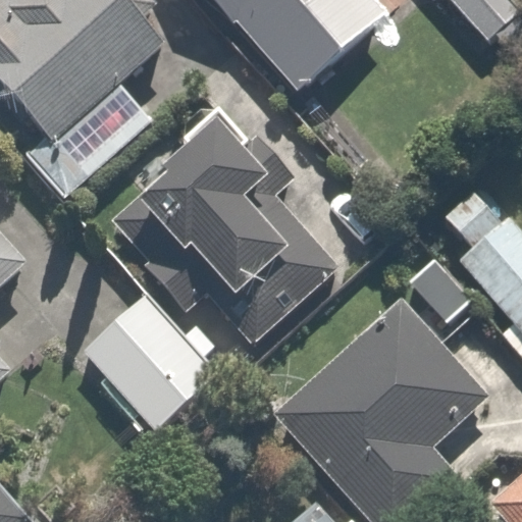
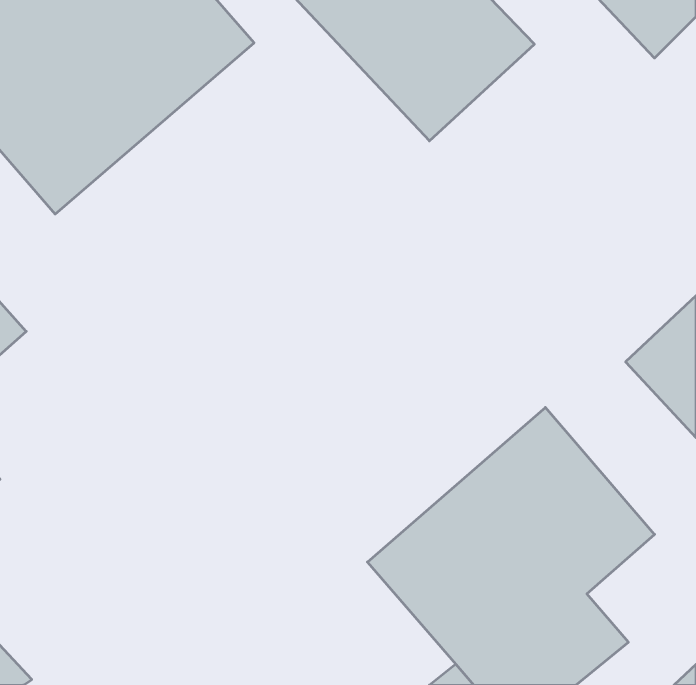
building: [157,153,337,336] -> none
building: [77,281,207,412] -> none

